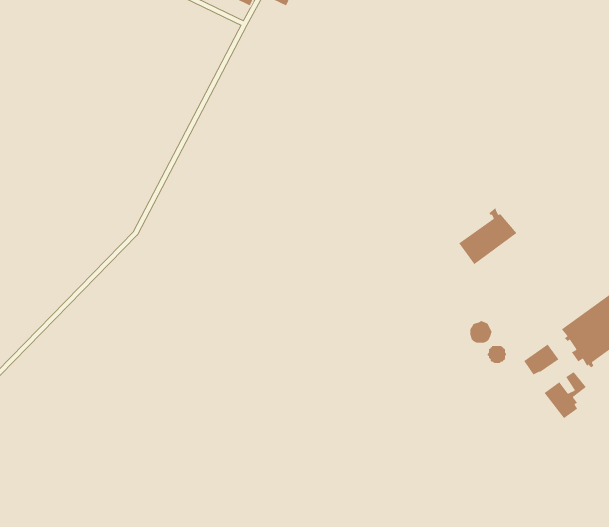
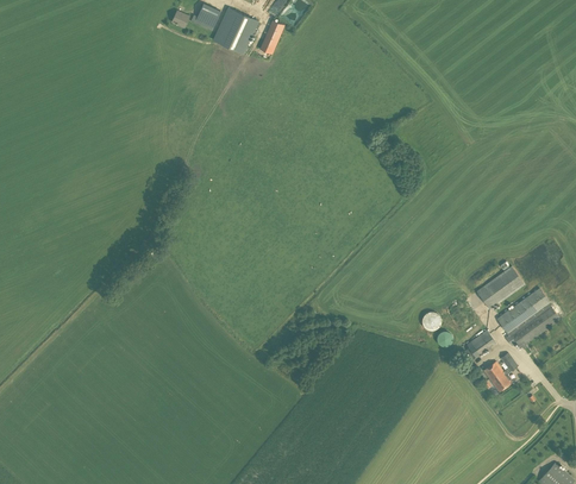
building: [458,207,518,265] -> [475,260,524,308]

